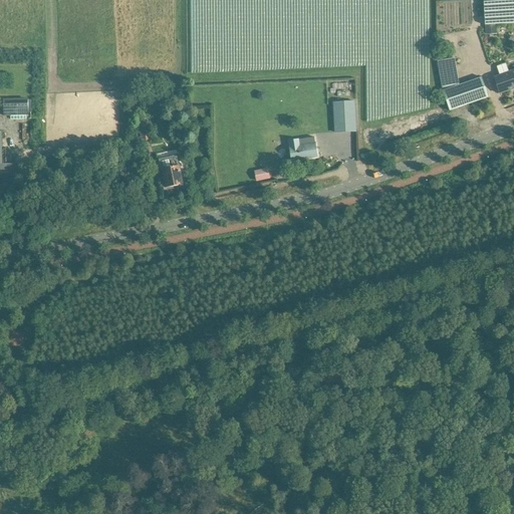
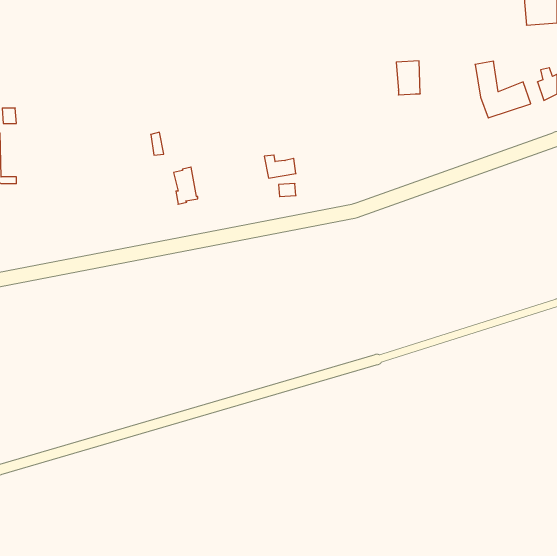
building: [332,99,354,131] -> [396,61,420,95]
building: [287,139,316,160] -> [264,155,296,178]

